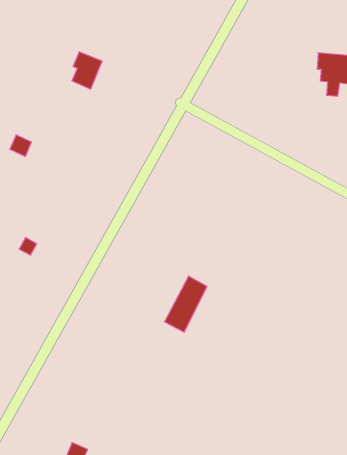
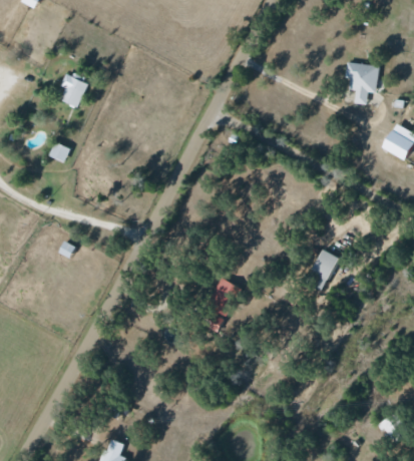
building: [72,52,102,89] -> [59,72,88,108]
building: none -> [306,250,338,290]

